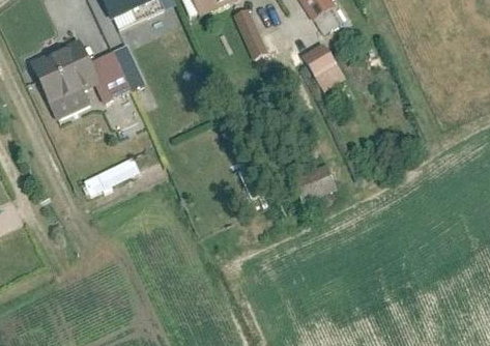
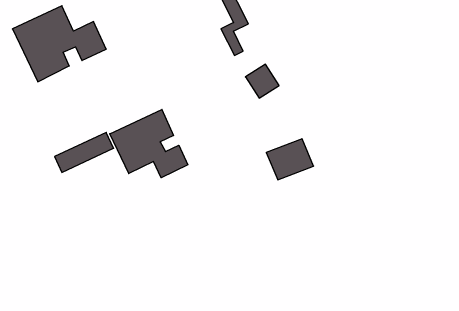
building: [299,49,333,82] -> [245,64,279,98]
building: none -> [110,109,188,178]

